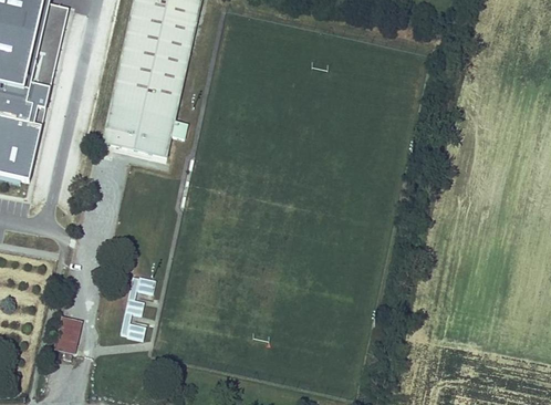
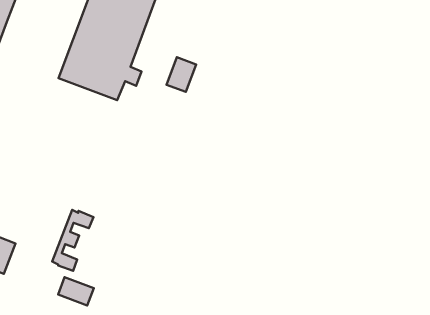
building: none -> [167,57,196,92]
building: none -> [58,277,94,306]

